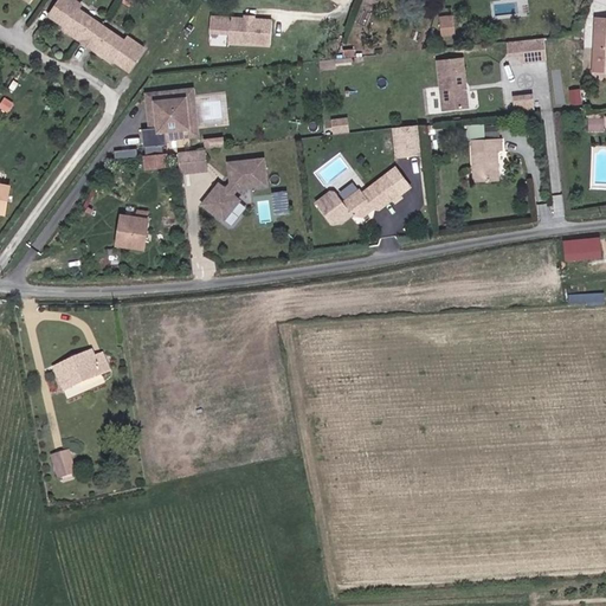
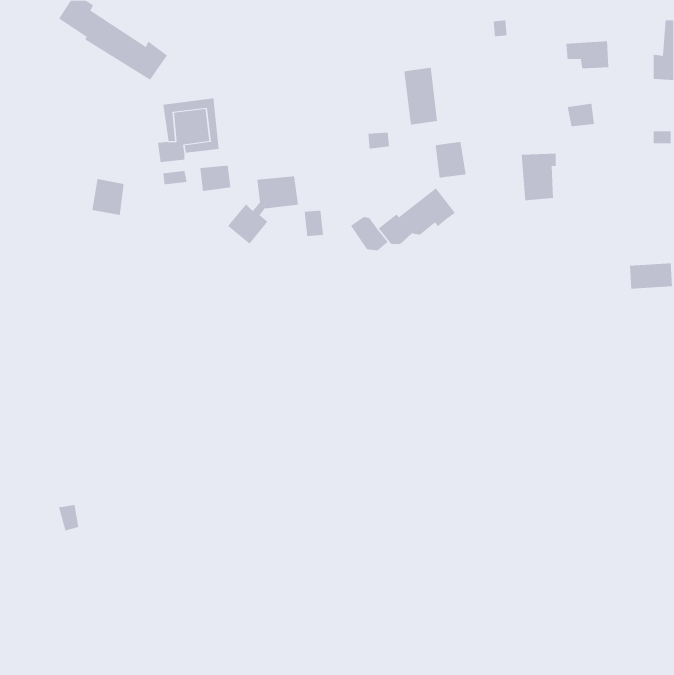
building: [208,18,271,45] -> none
building: [437,56,468,108] -> [404,67,438,125]
building: [117,214,147,247] -> [91,179,125,216]
building: [54,348,110,387] -> none

